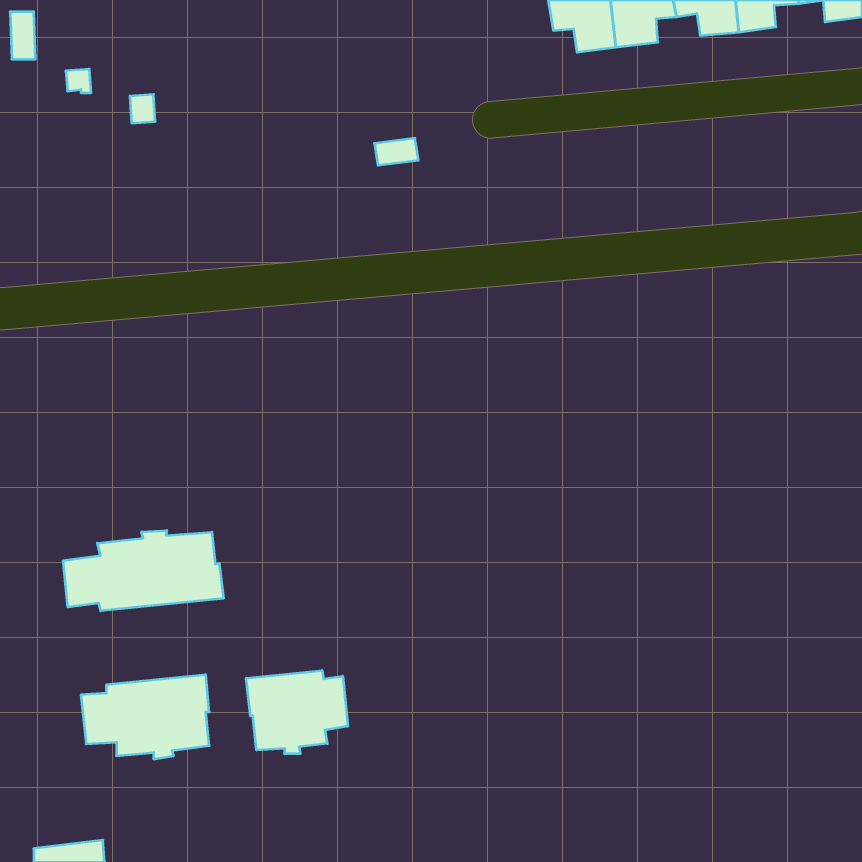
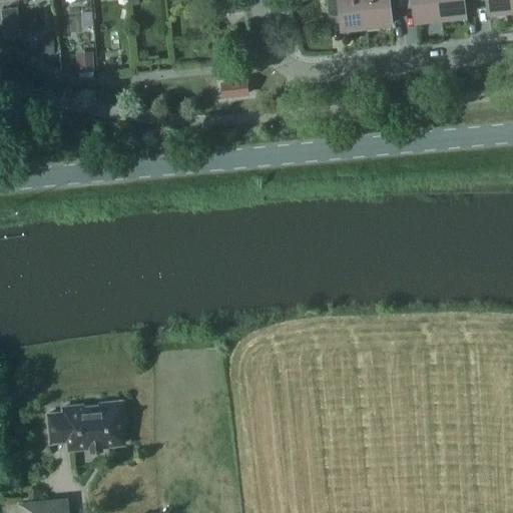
building: [63,530,223,611] -> none
building: [246,670,348,754] -> none

